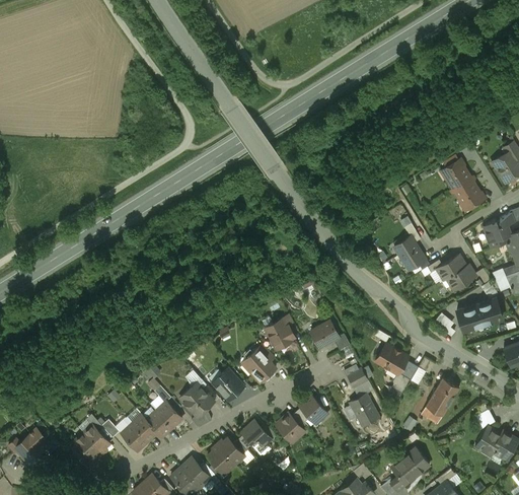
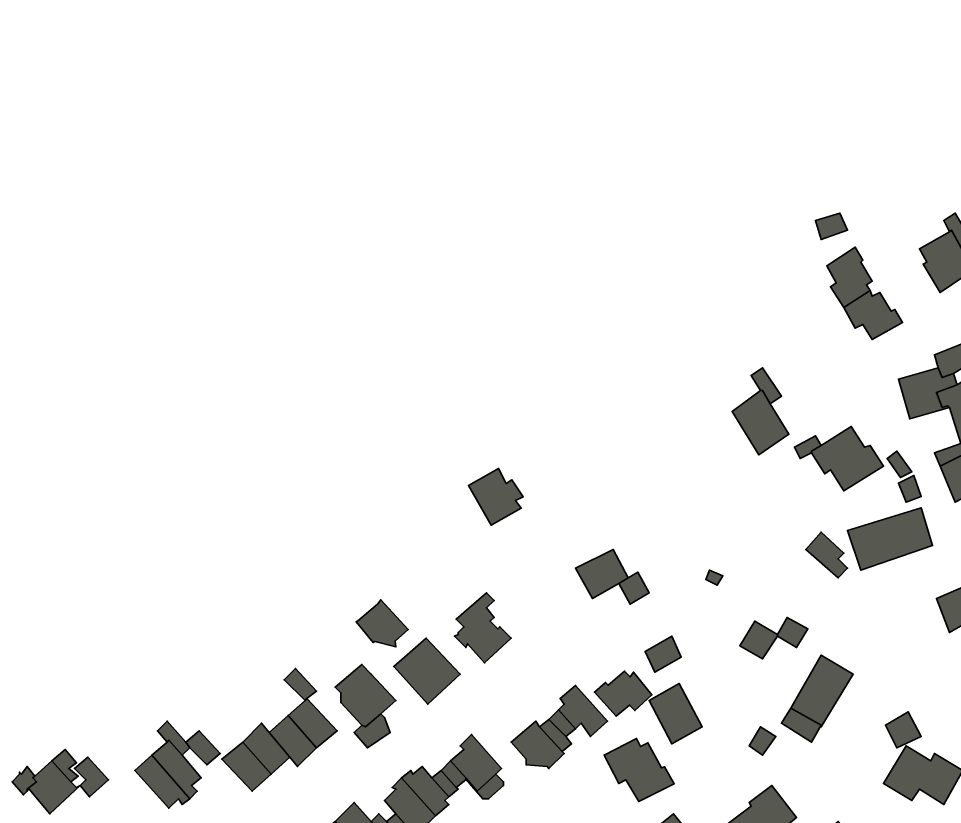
building: [265,319,294,349] -> [468,468,523,525]
building: [375,343,409,373] -> none
building: none -> [356,600,408,647]
building: none -> [594,671,652,716]
building: none -> [604,738,674,801]

